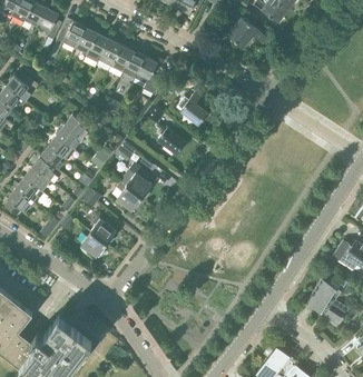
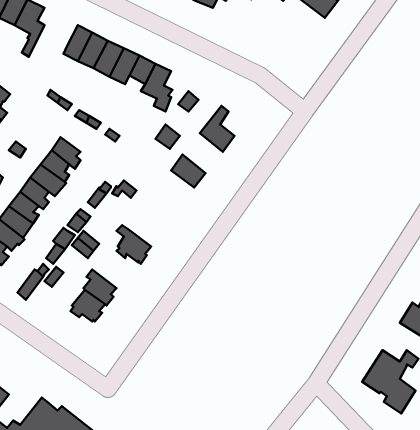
building: [228,17,266,48] -> none
building: [56,21,86,49] -> none
building: [120,162,151,198] -> none

